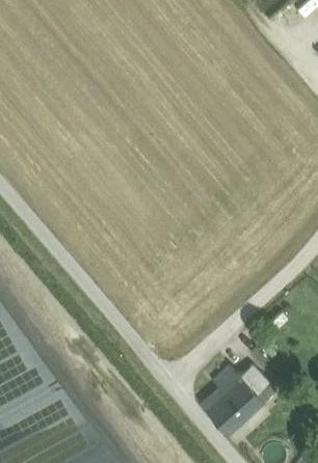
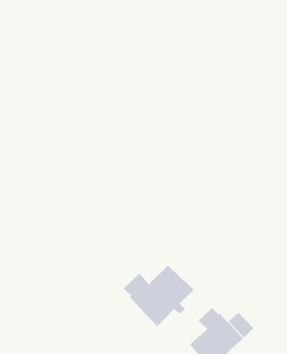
building: none -> [123,265,194,326]

